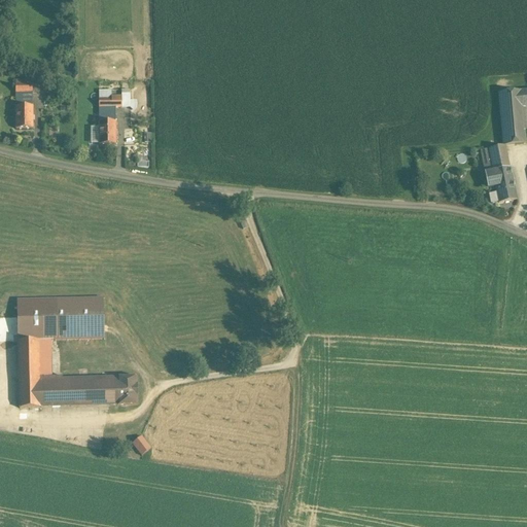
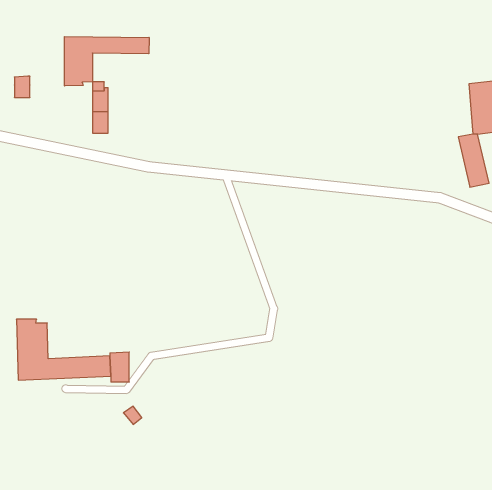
building: none -> [65,37,149,86]
building: [16,104,34,127] -> none
building: [14,293,102,338] -> none

